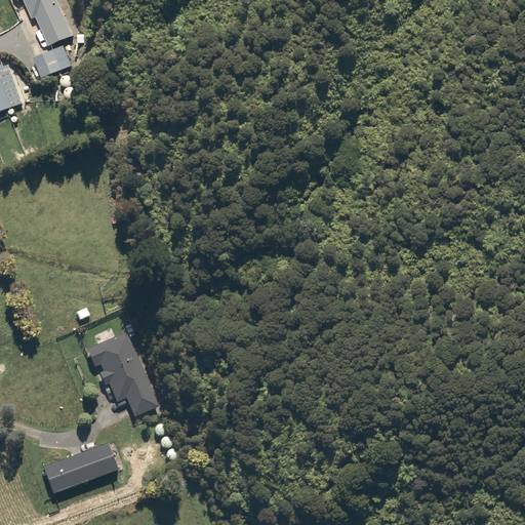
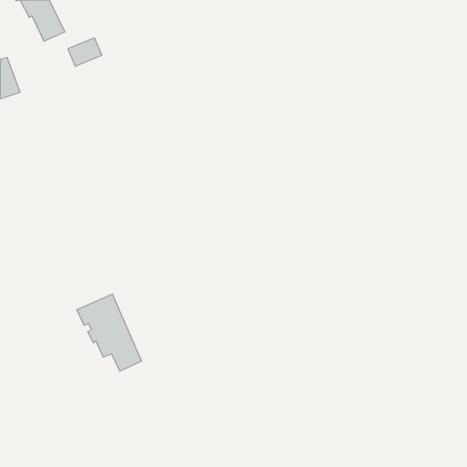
building: [34,46,72,78] -> [68,38,102,66]
building: [43,442,118,493] -> none

